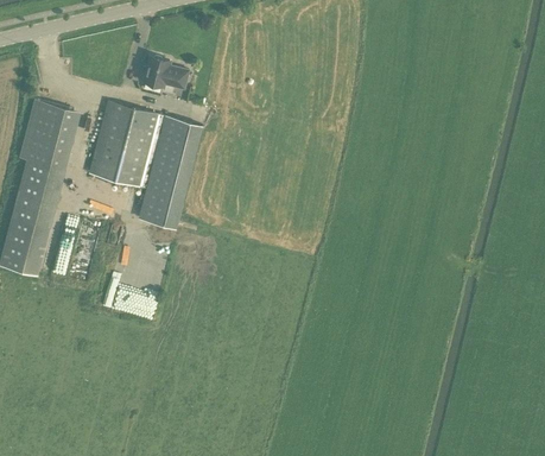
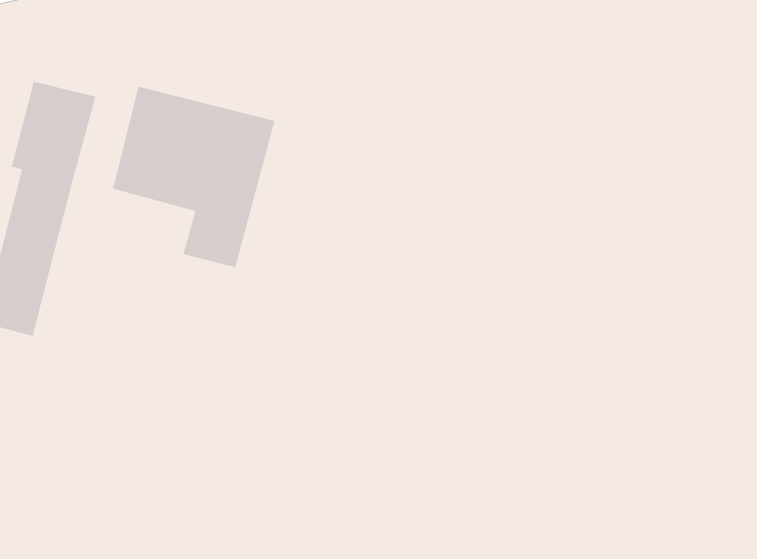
building: [144,55,189,88] -> none

